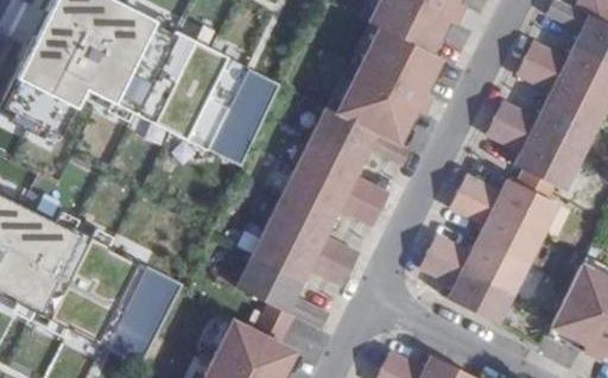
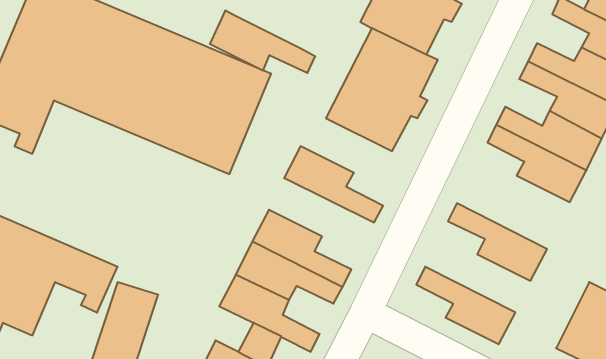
building: [311,107,410,165] -> [210,11,315,73]
building: [281,168,380,226] -> none
building: [457,175,557,234] -> none
building: [428,235,526,294] -> none

